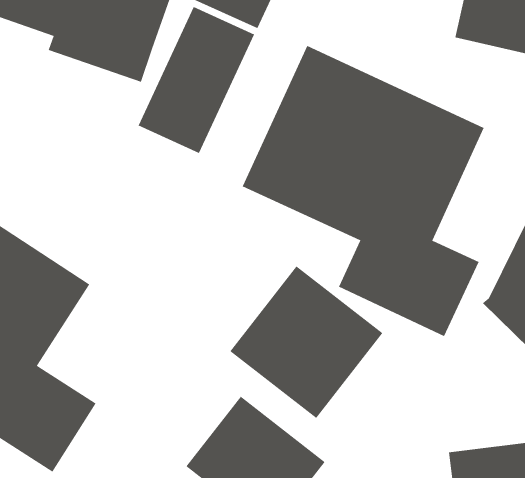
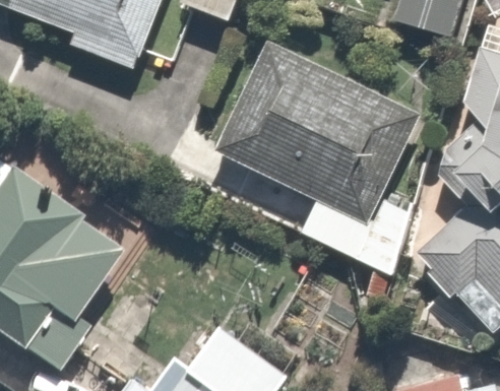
building: [138,6,255,154] -> none
building: [229,266,383,419] -> none

